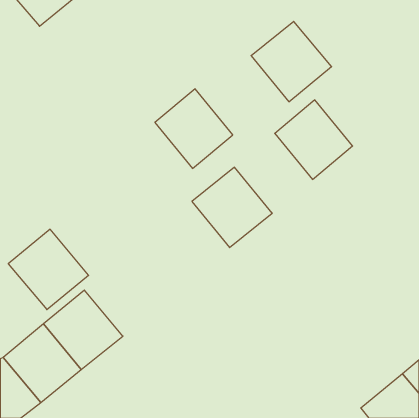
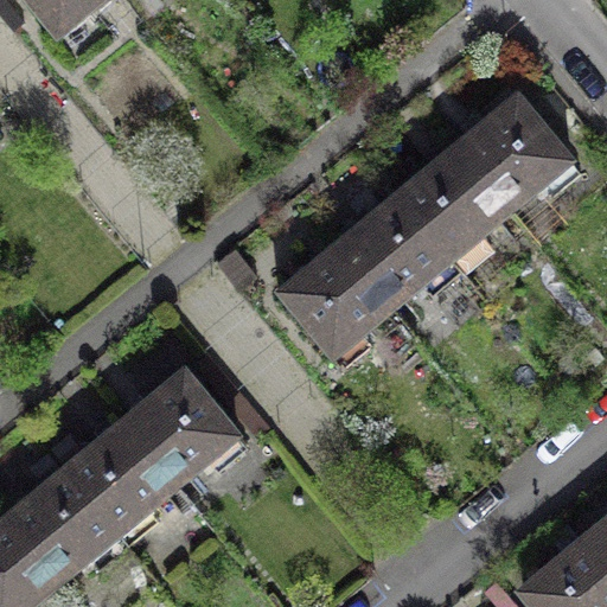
building: [251,21,332,102] -> [455,95,571,211]
building: [155,89,233,168] -> [339,193,452,308]
building: [8,229,89,310] -> [122,370,238,486]

